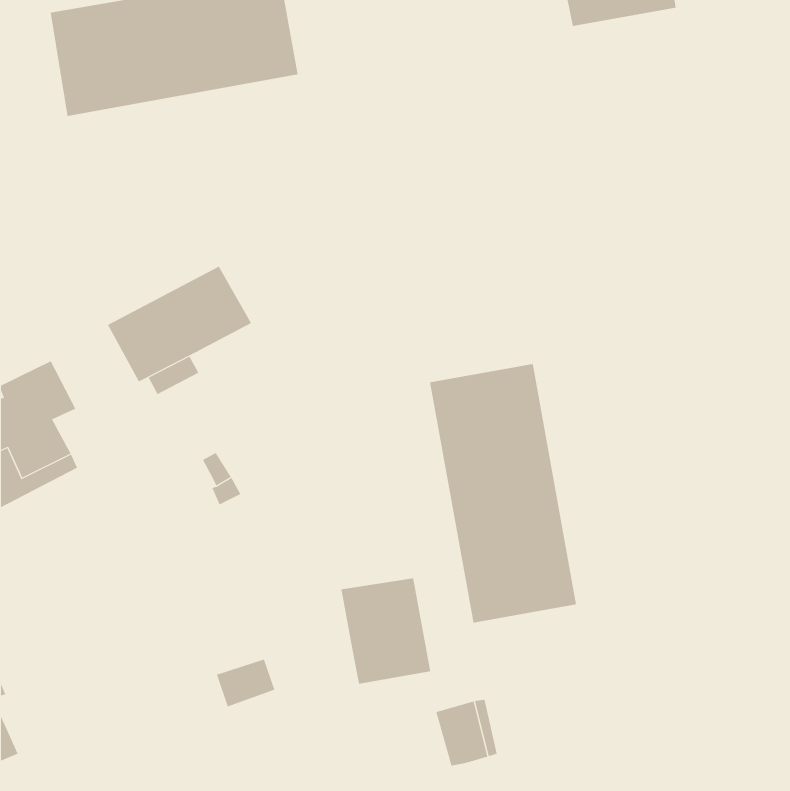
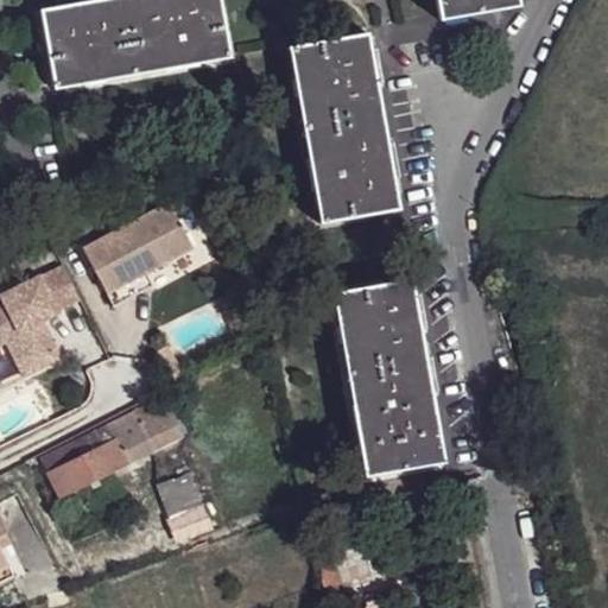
building: none -> [289,33,399,223]
building: none -> [42,393,182,496]
building: [341,577,431,684] -> none
building: none -> [160,470,205,515]

